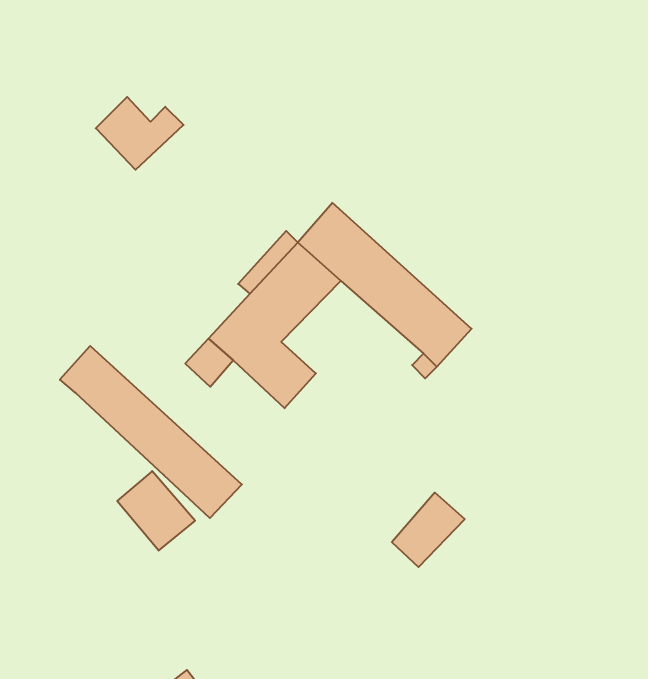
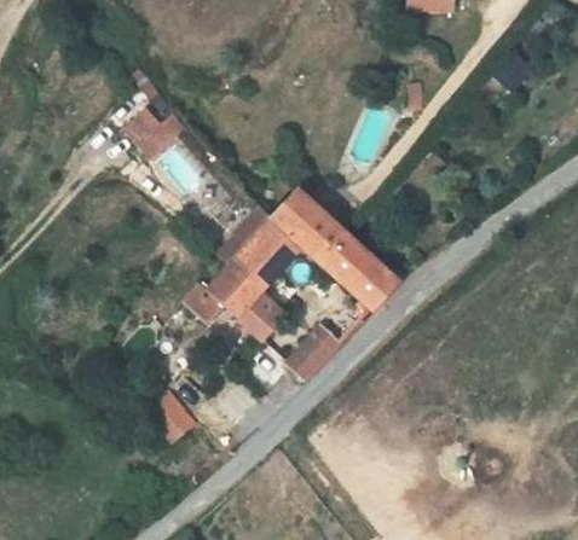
building: [60,346,242,518] -> none
building: [392,493,465,567] -> [288,324,341,378]

